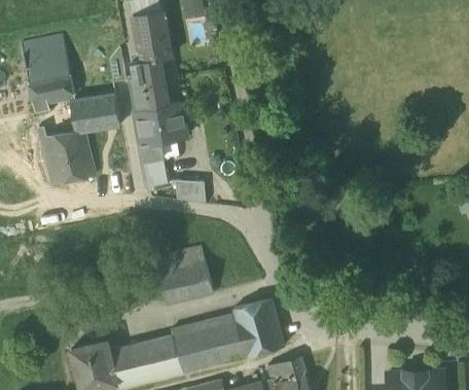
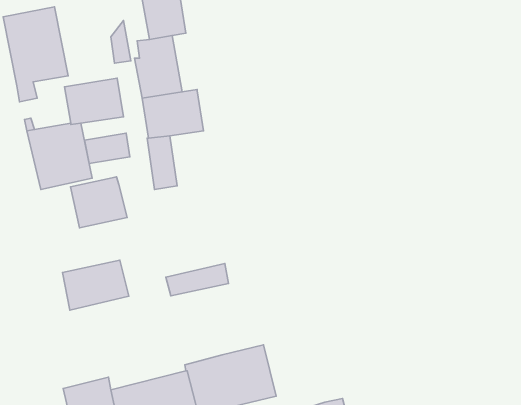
building: none -> [85,133,130,164]
building: none -> [71,177,127,228]
building: [176,180,206,203] -> none
building: [159,262,214,304] -> [62,260,129,310]
building: [233,298,284,355] -> none

